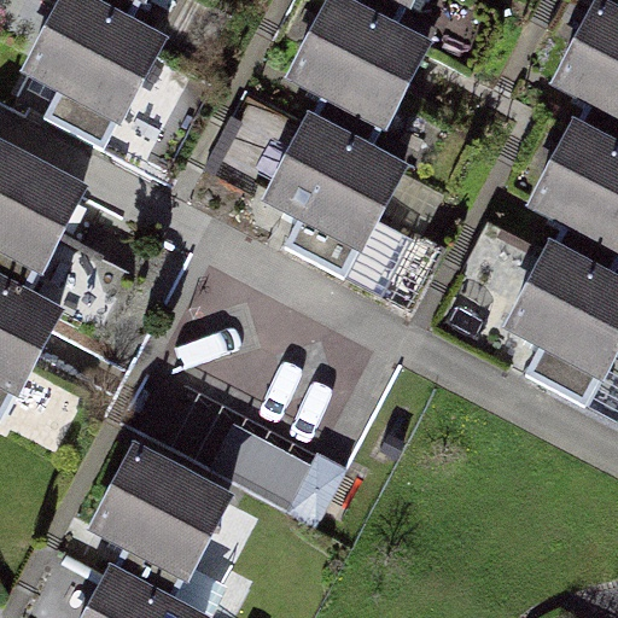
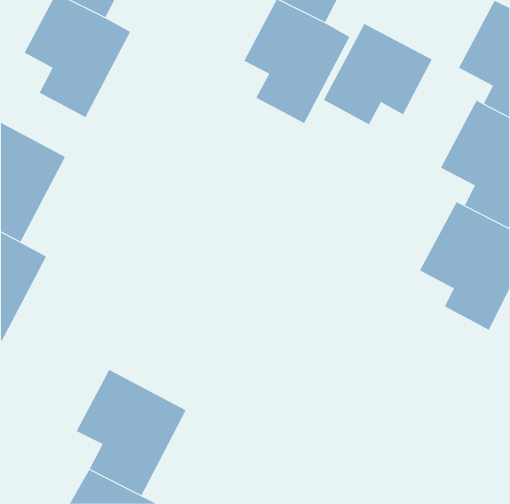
building: none -> [323,23,433,125]
building: [269,118,400,270] -> none

